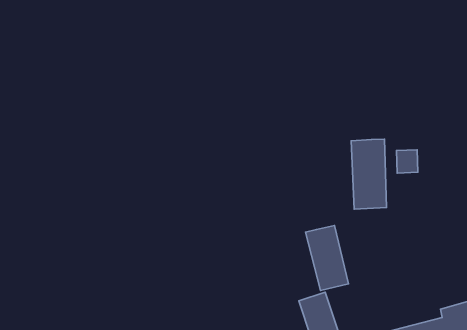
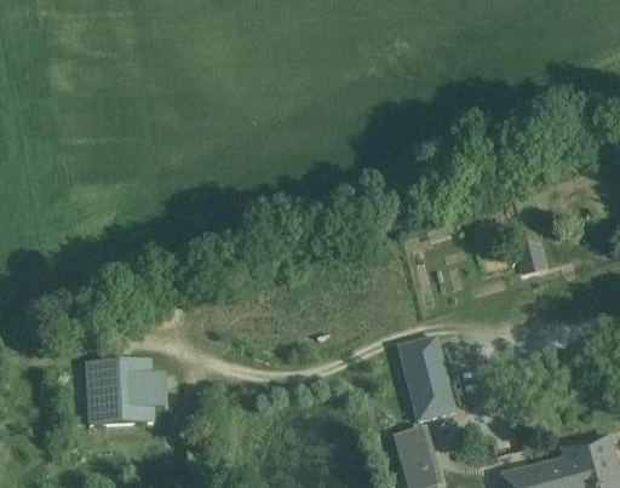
building: [351,139,386,209] -> none
building: none -> [87,361,154,425]

